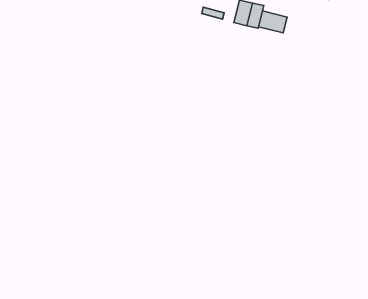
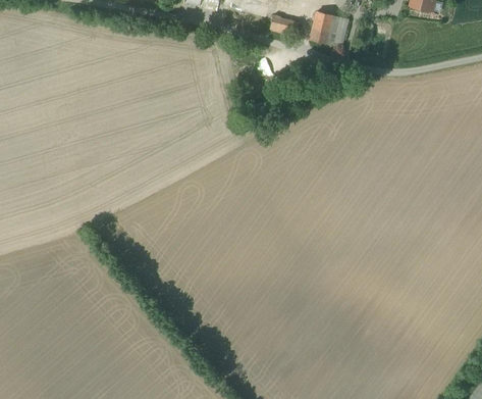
building: [258,11,287,33] -> none

